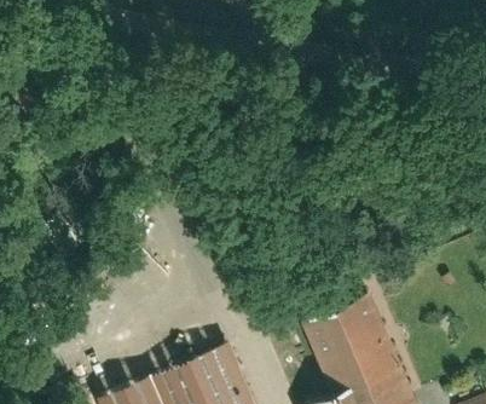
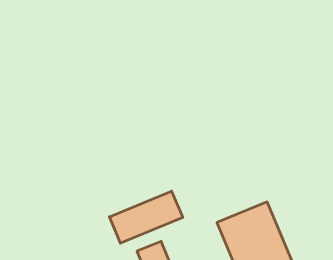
building: none -> [109,191,183,243]

